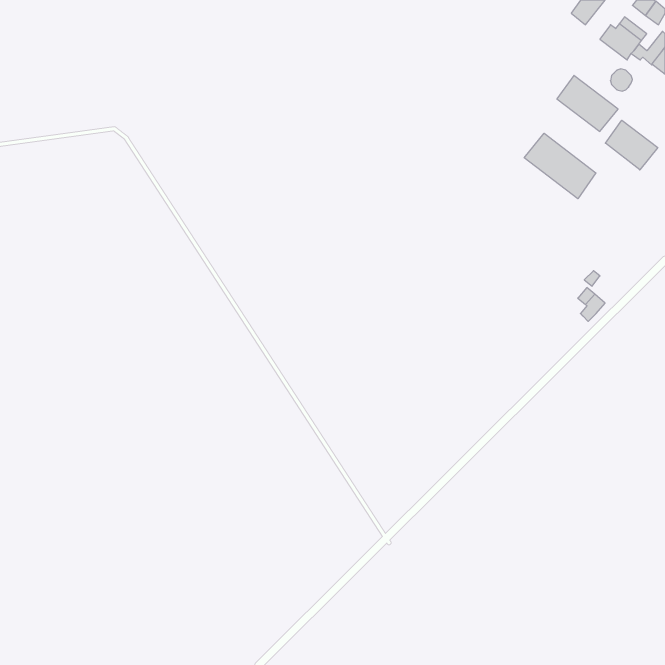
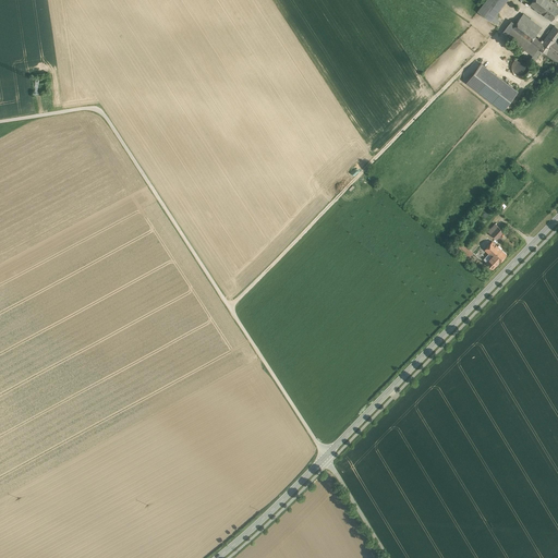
building: [605,120,658,170] -> none
building: [524,133,596,199] -> none

